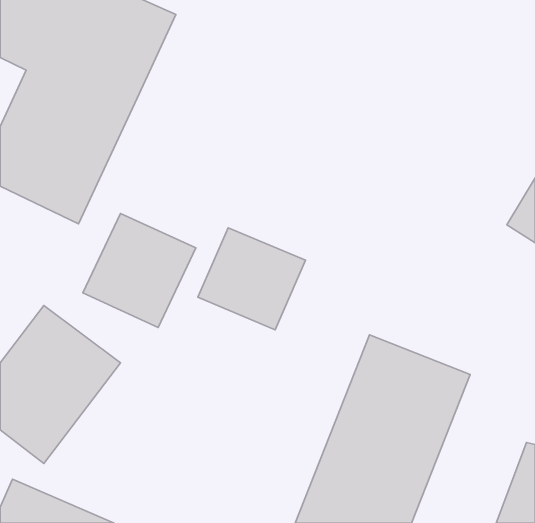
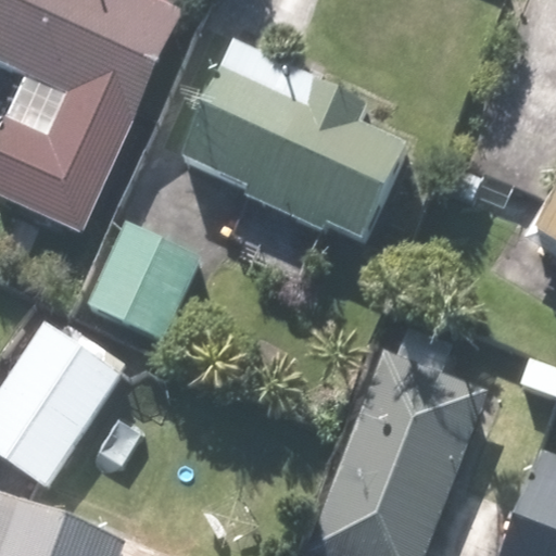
building: none -> [175,65,406,244]
building: [198,228,305,330] -> none

